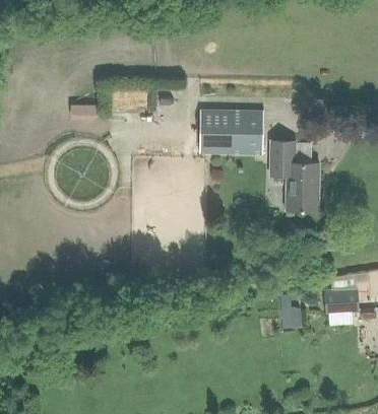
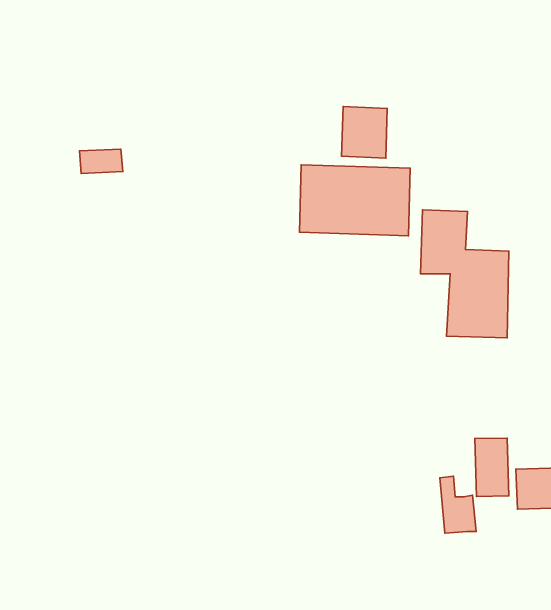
building: none -> [342,106,387,158]
building: none -> [475,438,509,496]

